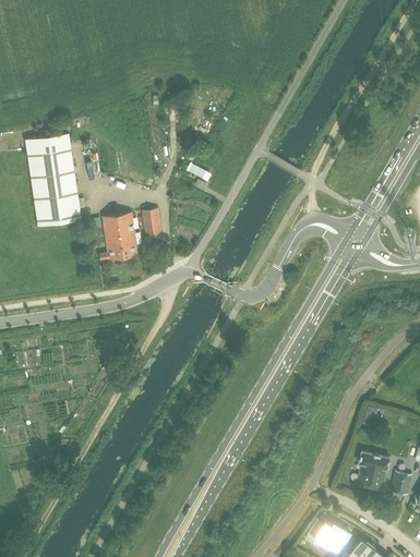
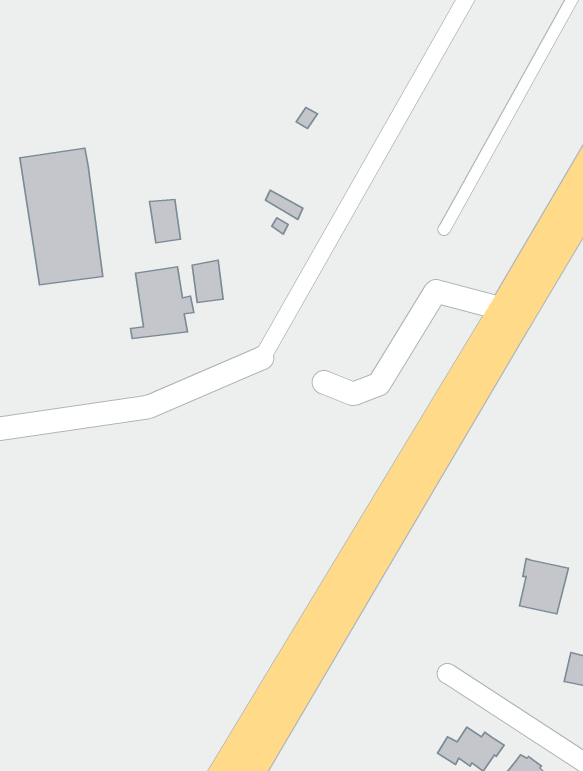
building: none -> [150,200,181,243]
building: [357,451,389,488] -> [520,559,568,614]

